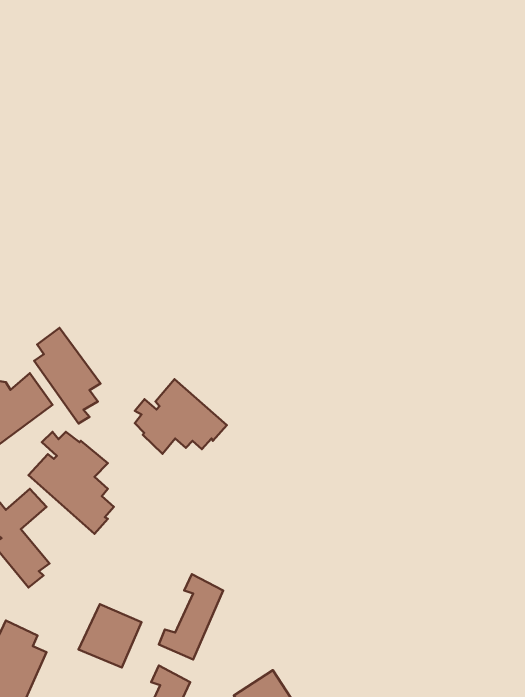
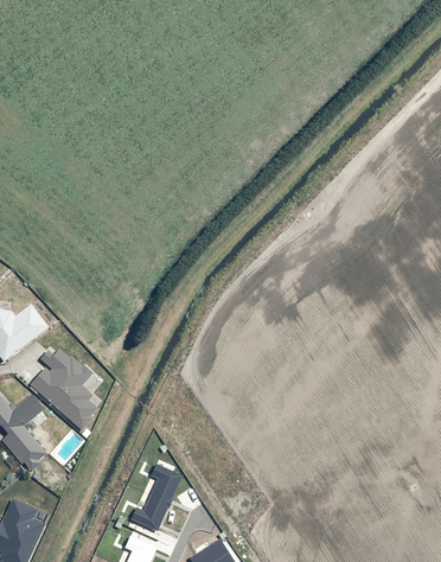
building: [34,328,100,424] -> none
building: [135,379,227,454] -> none
building: [78,604,142,667] -> none

